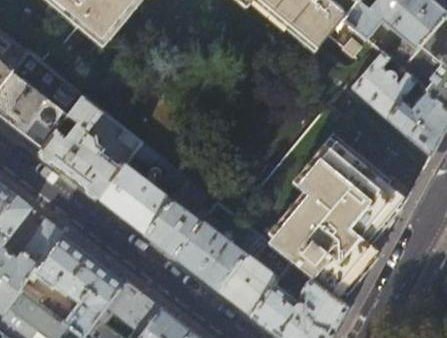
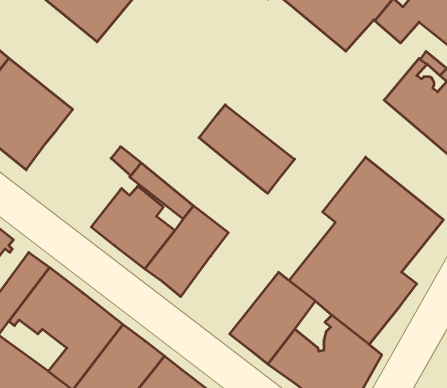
building: none -> [199,105,295,193]
building: [38,96,122,197] -> none
building: [174,222,258,289] -> none

